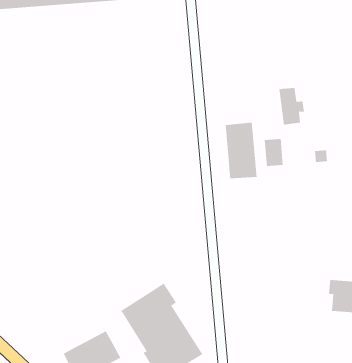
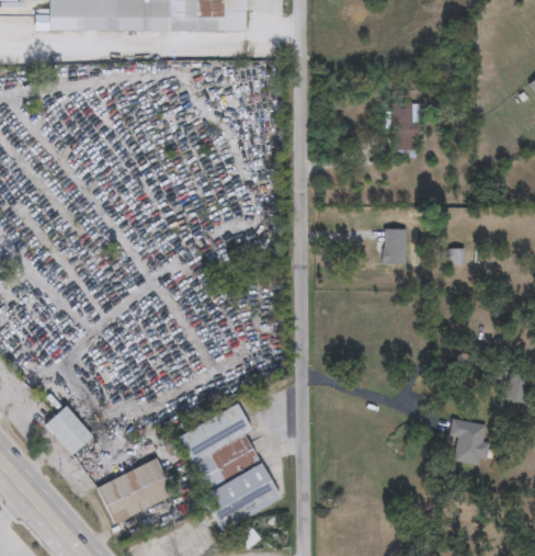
building: [278,87,305,125] -> [392,101,424,149]
building: [225,122,257,179] -> none
building: none -> [44,404,92,453]

